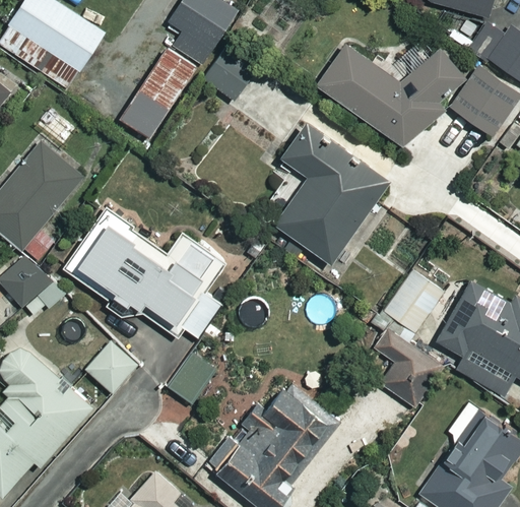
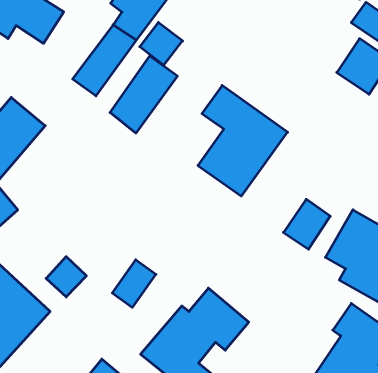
building: [317,46,463,150] -> none
building: none -> [110,56,177,133]
building: [68,217,222,340] -> none
building: [373,327,440,404] -> none

